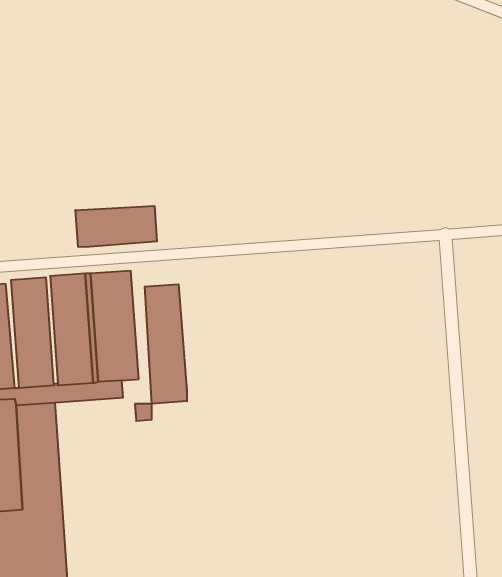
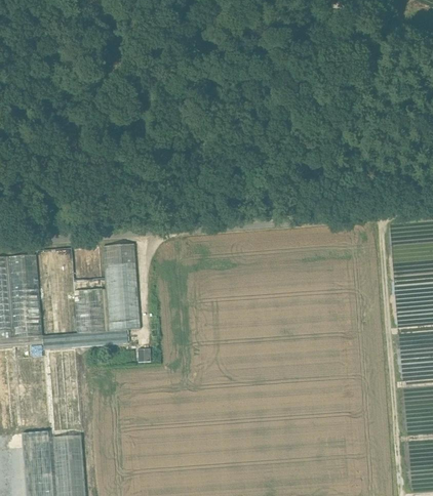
building: [75,206,157,247] -> none
building: [145,284,187,404] -> none

